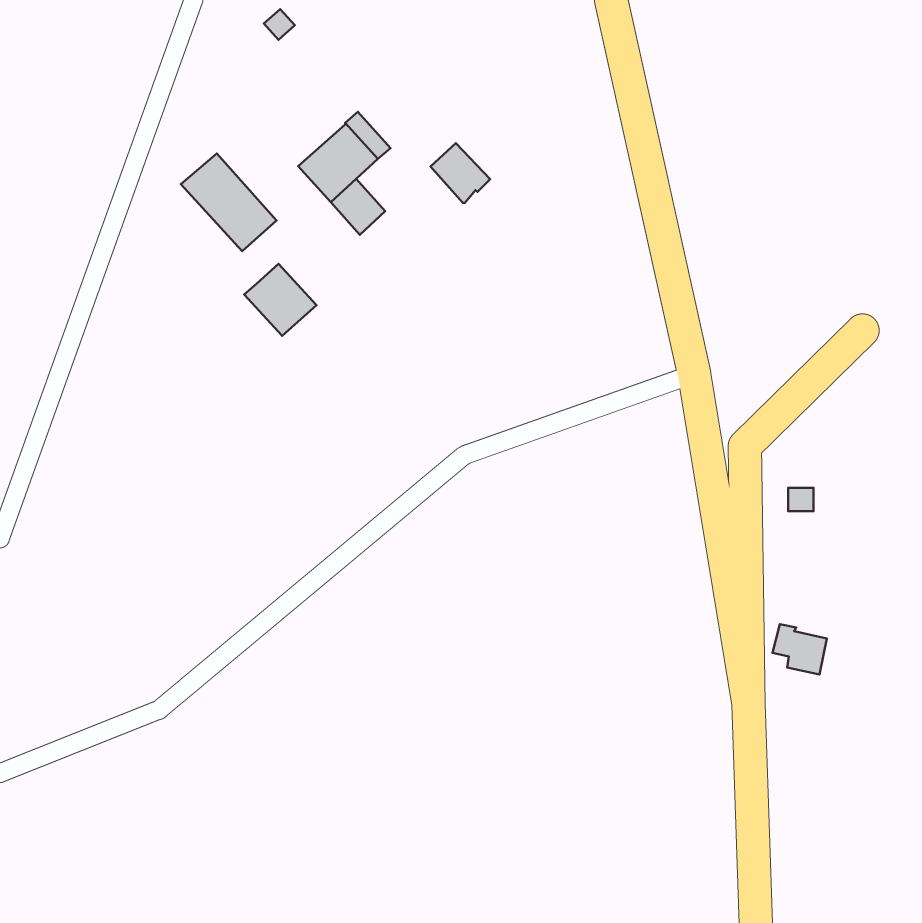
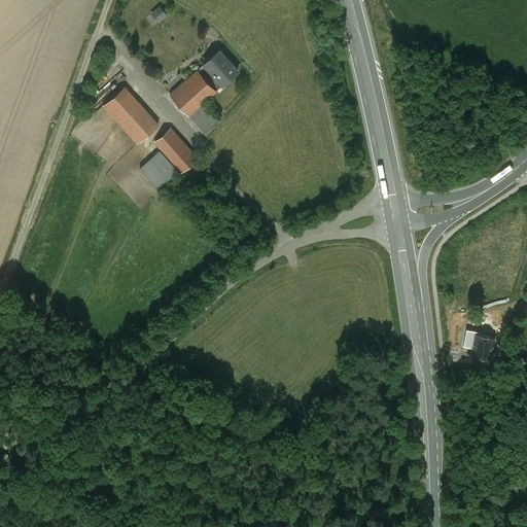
building: [430,143,490,203] -> [205,50,239,84]
building: none -> [154,130,196,171]
building: [773,624,827,675] -> [464,330,495,359]

